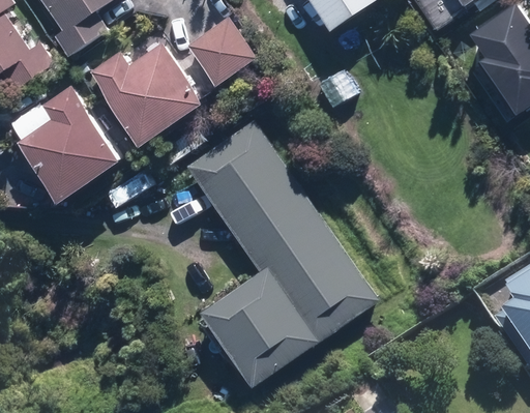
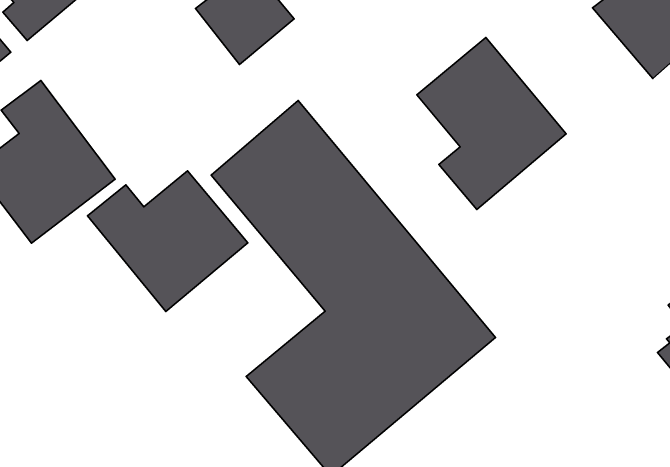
building: [88,48,200,146] -> [88,171,248,311]
building: none -> [417,37,566,210]

